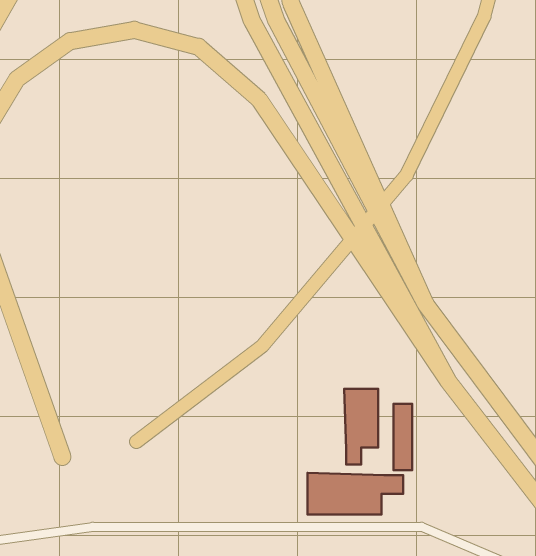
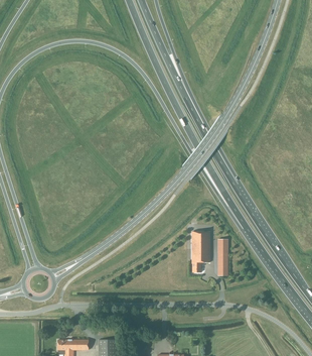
building: [308,473,403,515] -> none

